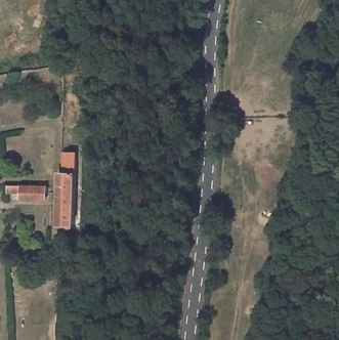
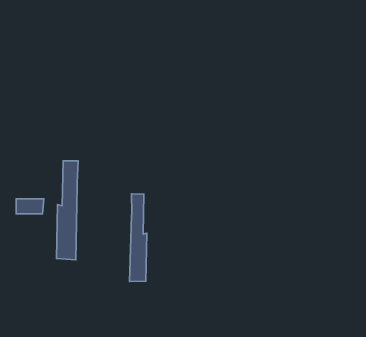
building: none -> [130,194,147,282]

